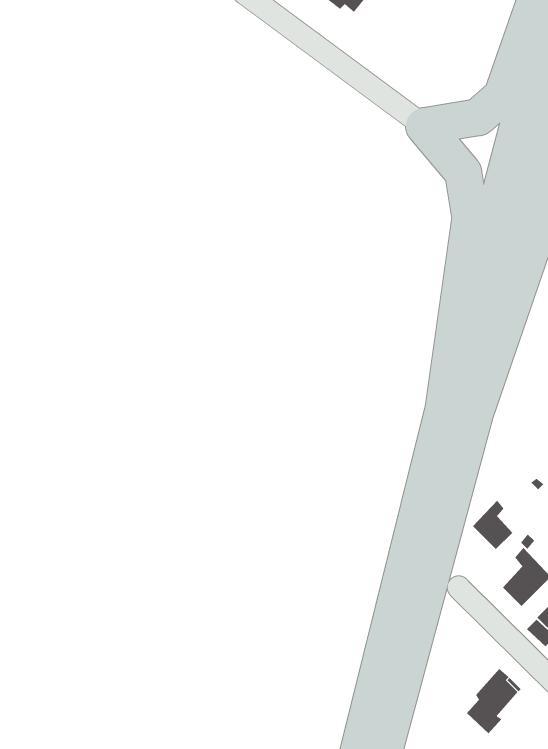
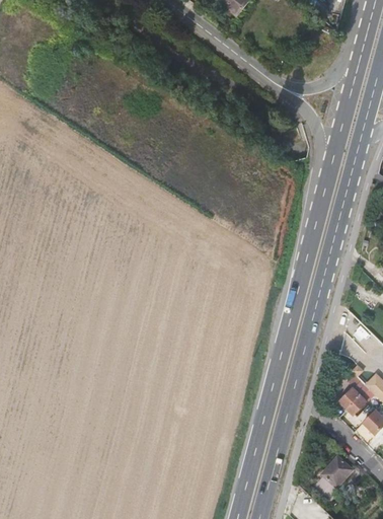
building: [472,500,513,550] -> none

